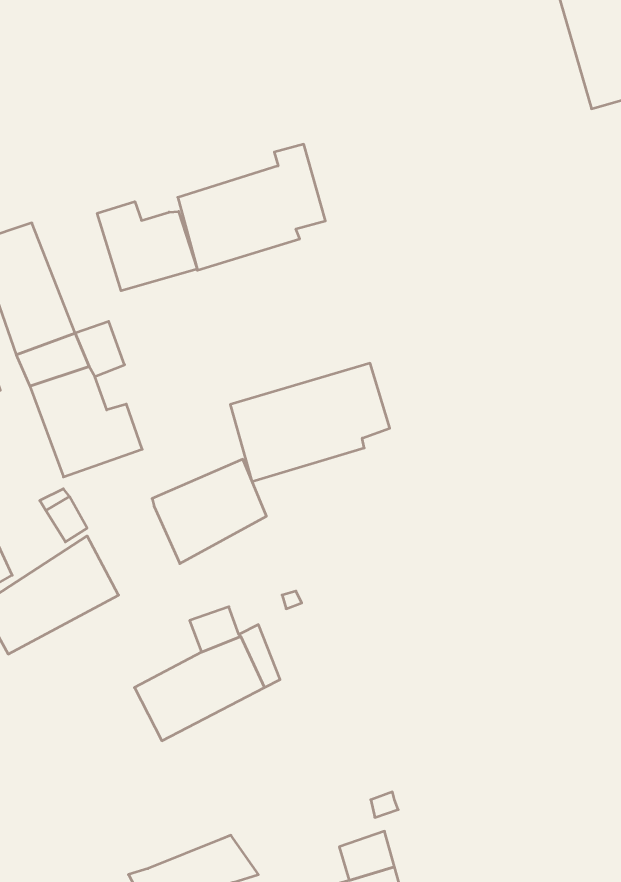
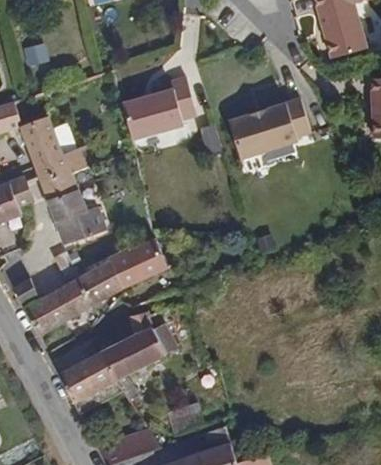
building: [97,202,197,291] -> none
building: [230,363,390,481] -> [229,99,310,159]
building: none -> [76,260,123,305]
building: none -> [57,352,123,414]

